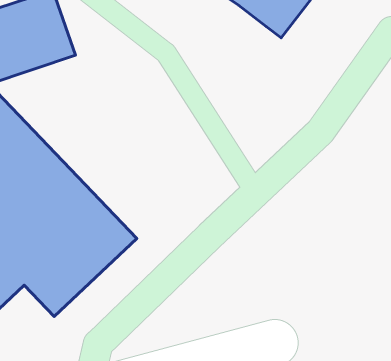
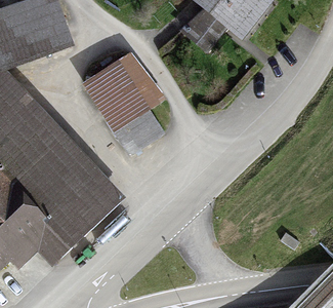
building: none -> [188,5,227,45]
building: none -> [85,50,159,146]

